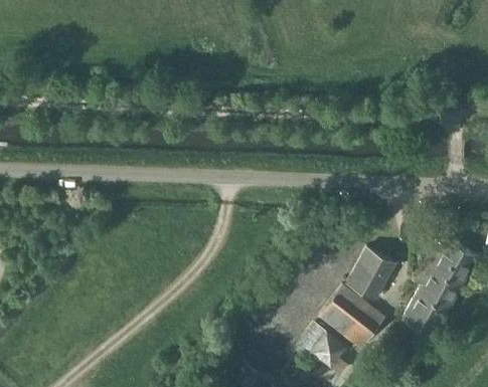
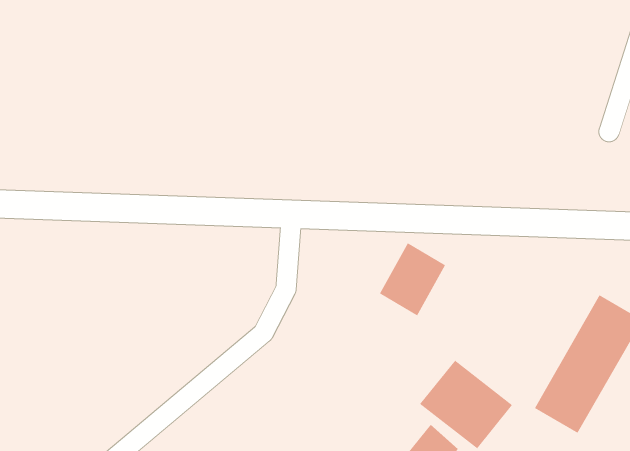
building: [347,247,394,300] -> [379,242,446,316]

